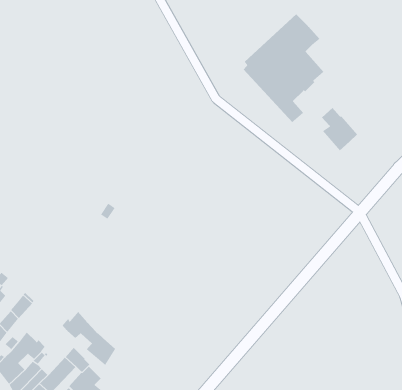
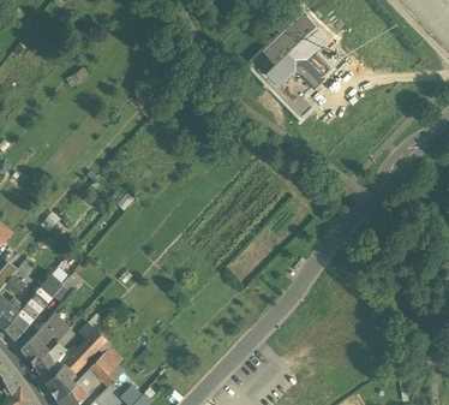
building: [321,107,358,151] -> none
building: [62,311,116,366] -> none

